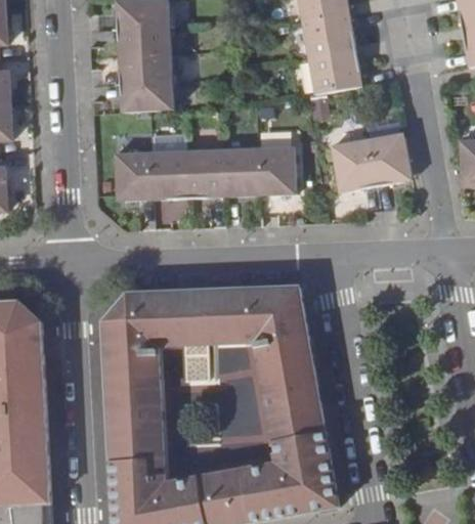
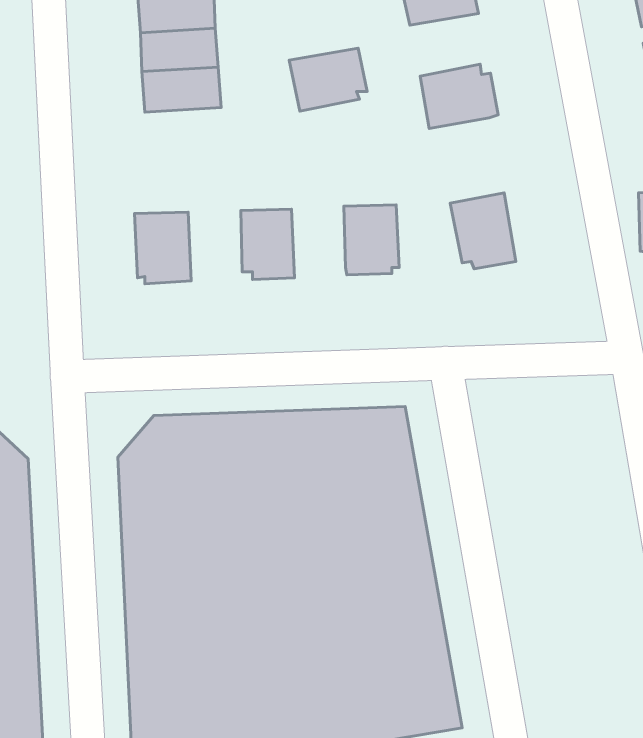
building: [302,16,355,59] -> [289,48,367,111]
building: [121,81,174,114] -> none
building: [366,133,411,186] -> none
building: [221,148,258,198] -> none
building: [150,151,187,200] -> none

